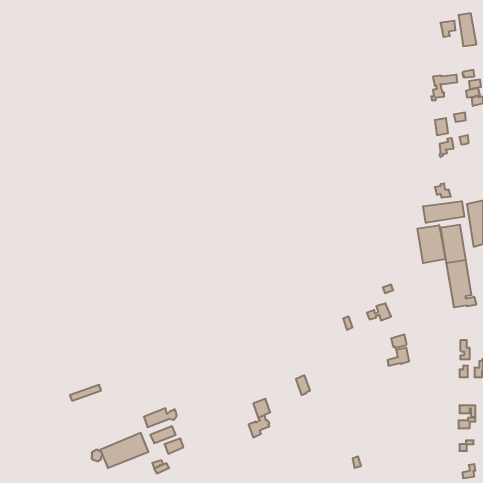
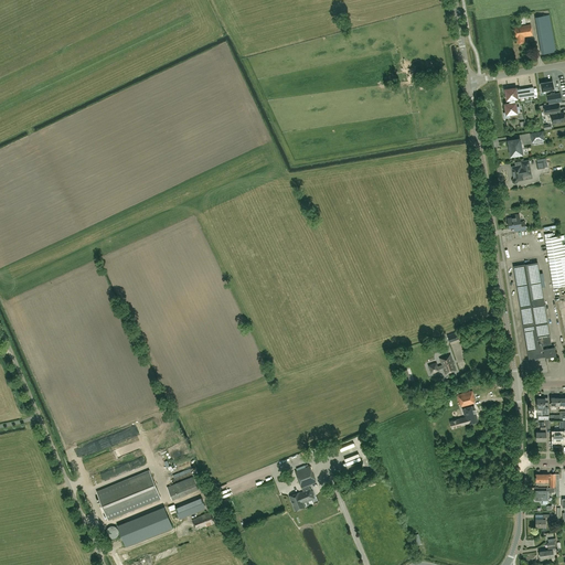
building: [423,201,464,223] -> none
building: [417,225,446,263] -> none
building: none -> [97,470,160,519]

